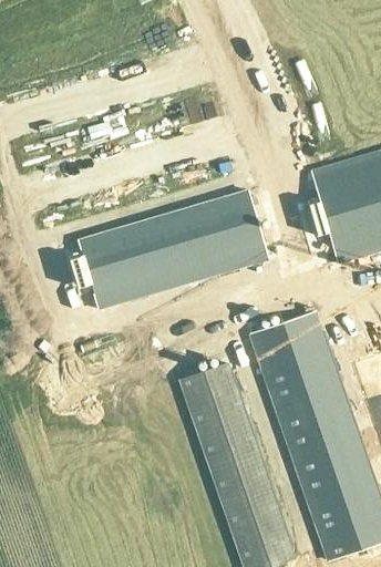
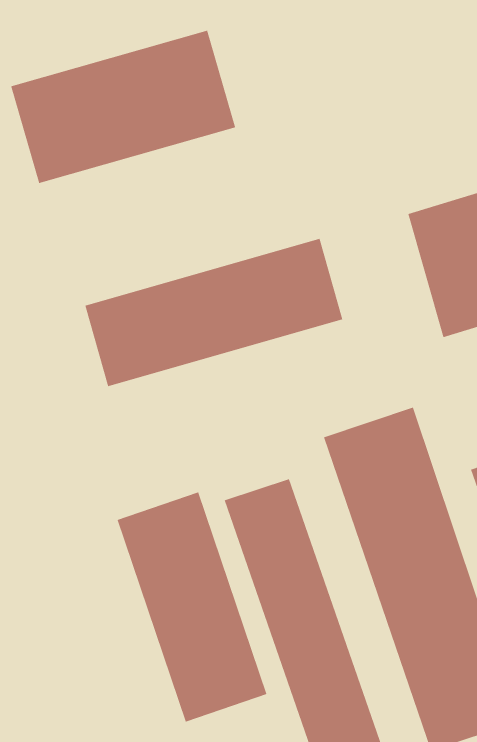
building: none -> [11,30,236,184]
building: none -> [117,492,267,722]

